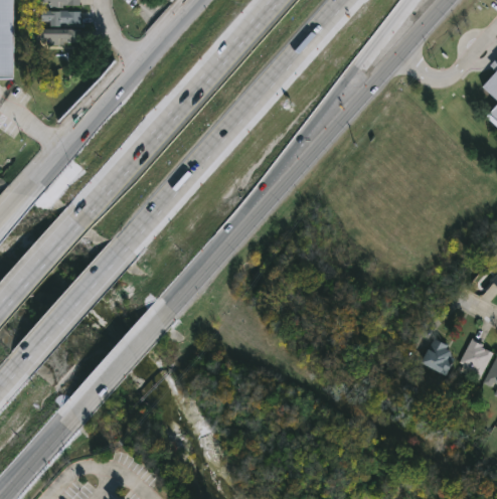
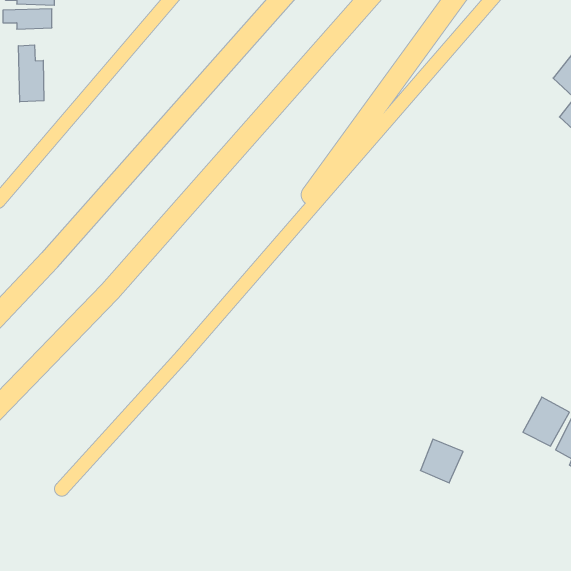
building: none -> [18,45,44,102]
building: [422,338,456,373] -> [420,439,463,483]

